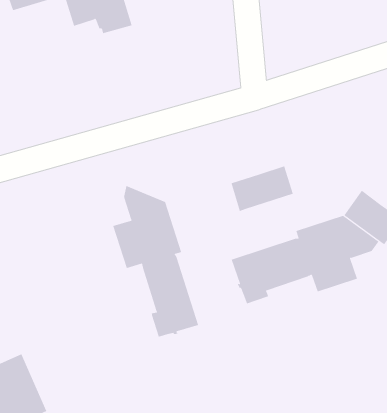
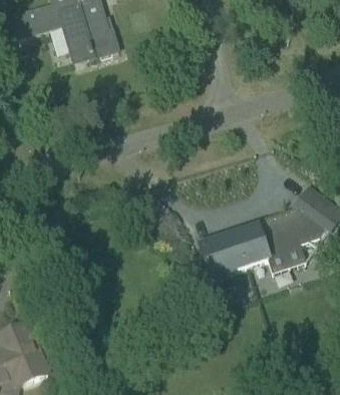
building: [231,165,293,212] -> none
building: [112,185,199,337] -> none

